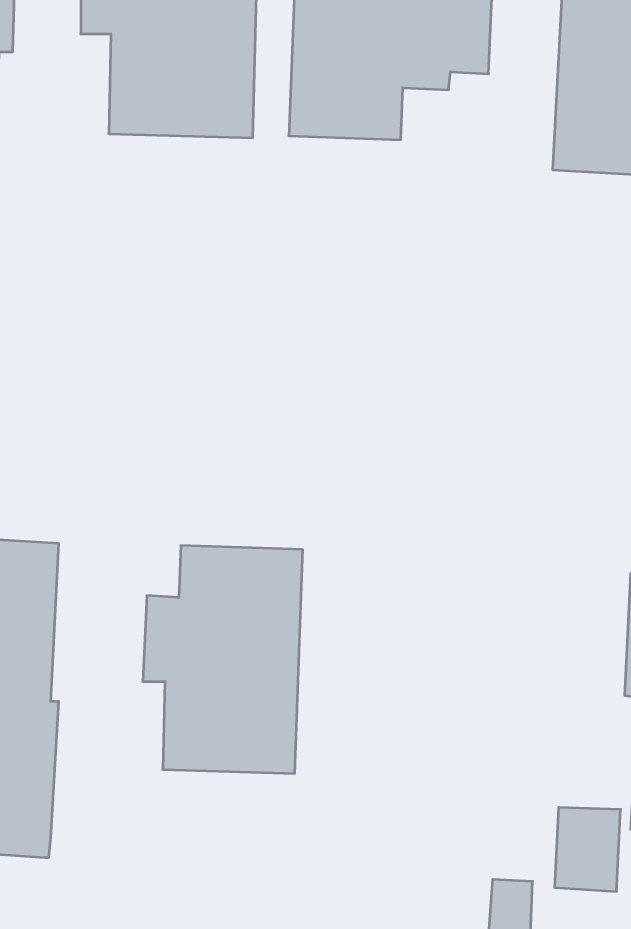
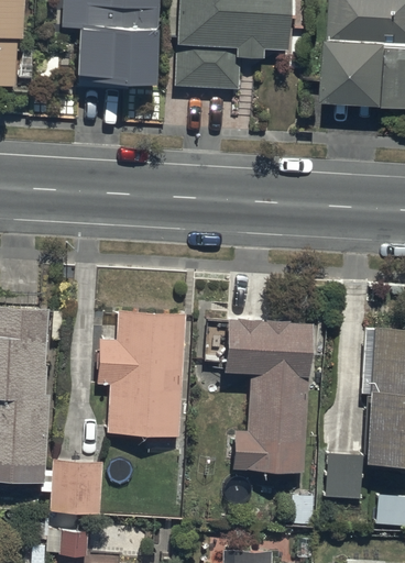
building: none -> [225,319,314,472]
building: none -> [42,462,103,515]

